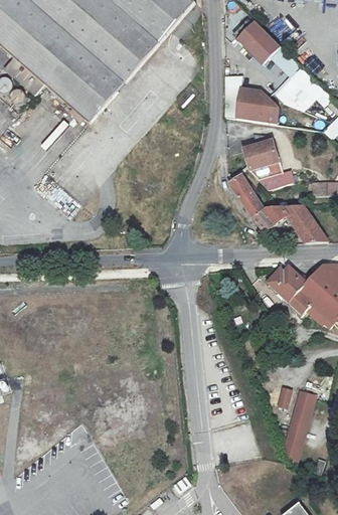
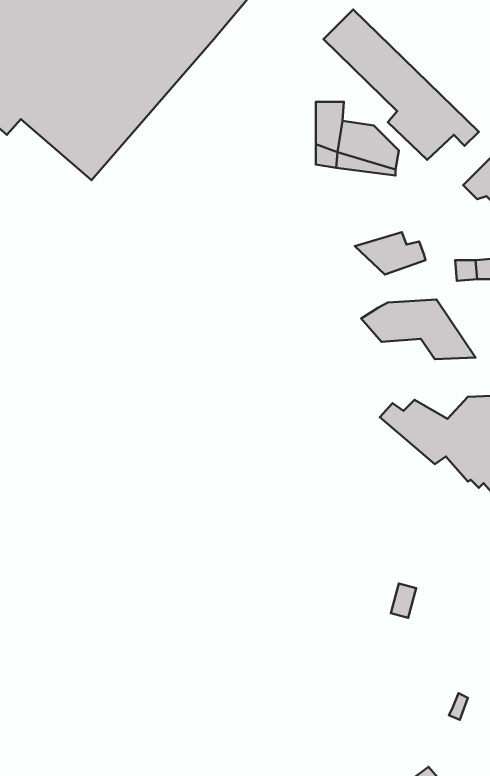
building: [243,131,281,168] -> none
building: [227,174,266,214] -> none
building: [282,389,319,458] -> none

